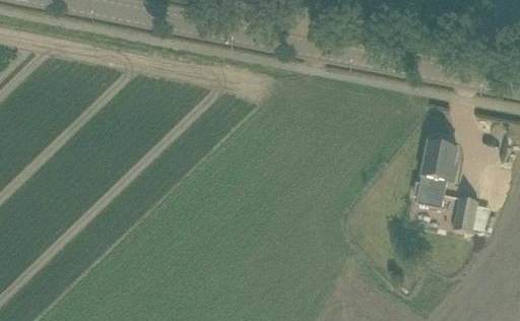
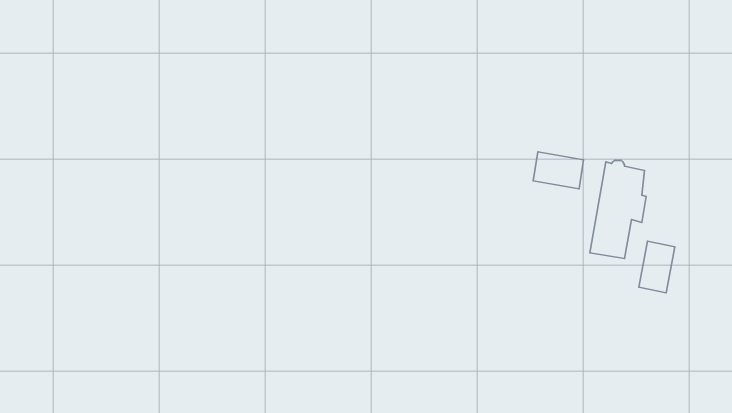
building: none -> [533,152,583,189]

